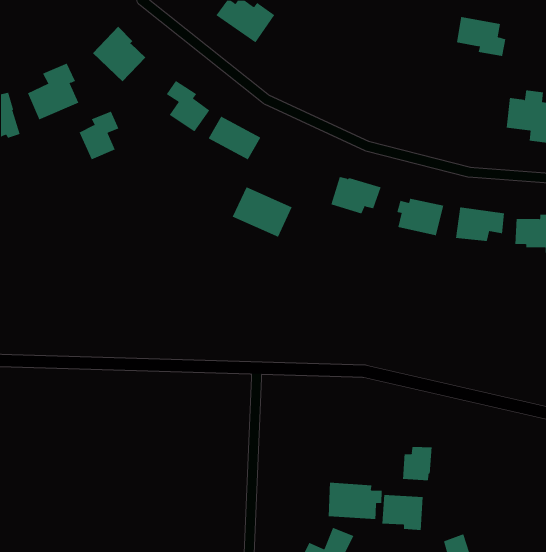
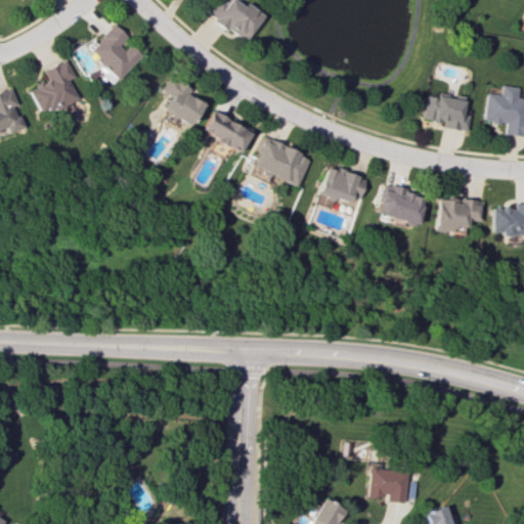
building: [456,16,506,56] -> [425,94,472,132]
building: [79,111,119,160] -> none
building: [232,187,293,237] -> [254,138,311,186]
building: [402,446,432,481] -> none
building: [328,482,382,520] -> none

